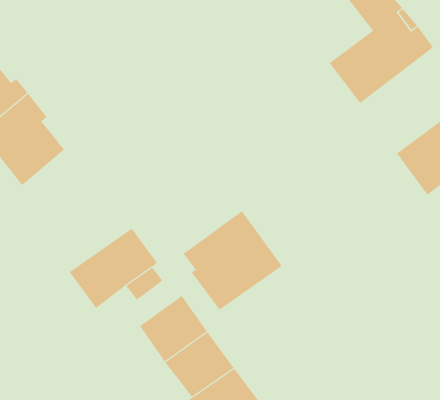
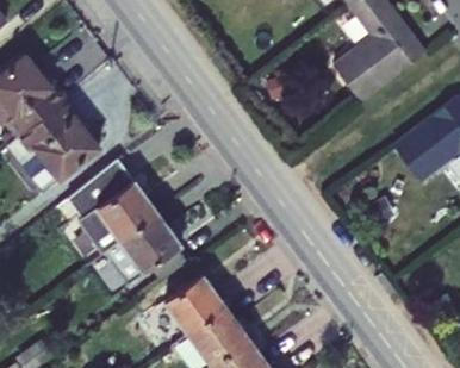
building: [183,211,283,310] -> [69,164,157,252]

